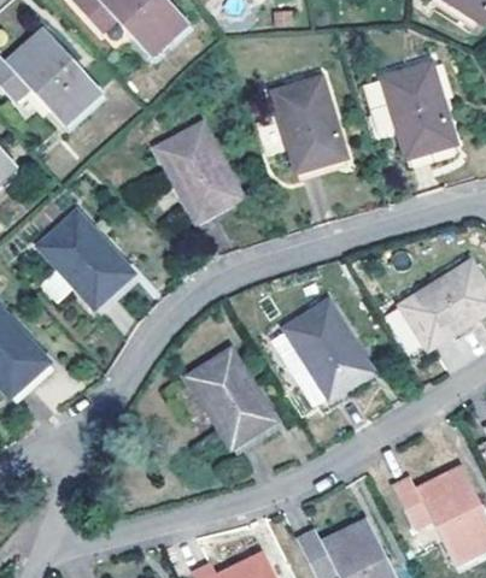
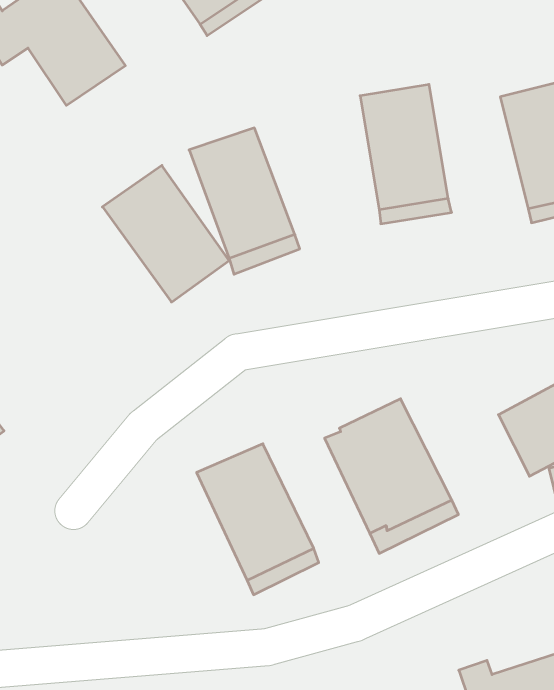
building: [36,210,131,306] -> [102,165,229,302]

